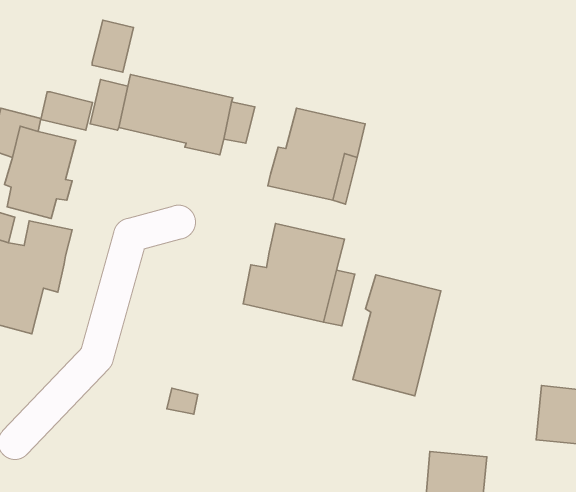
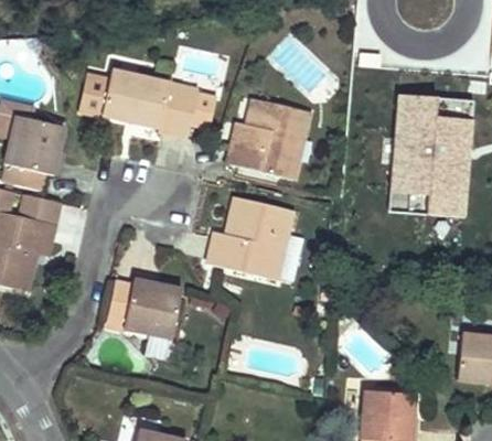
building: [92,20,133,72] -> none
building: [41,92,92,130] -> none
building: none -> [388,92,470,214]
building: [353,275,441,396] -> none
building: none -> [105,275,183,338]

